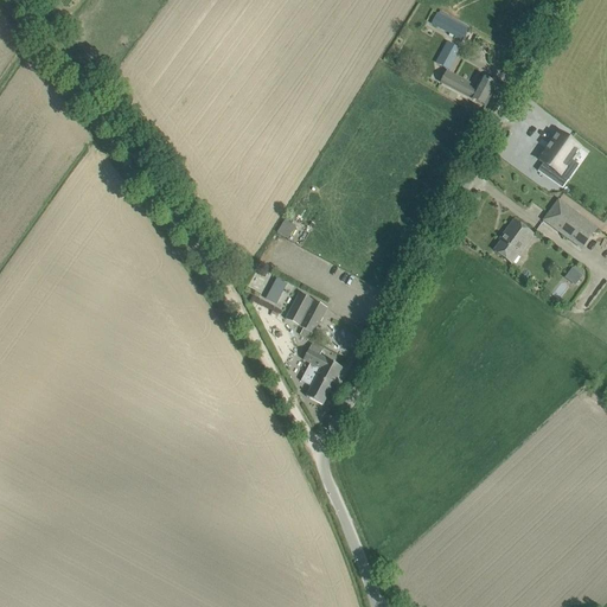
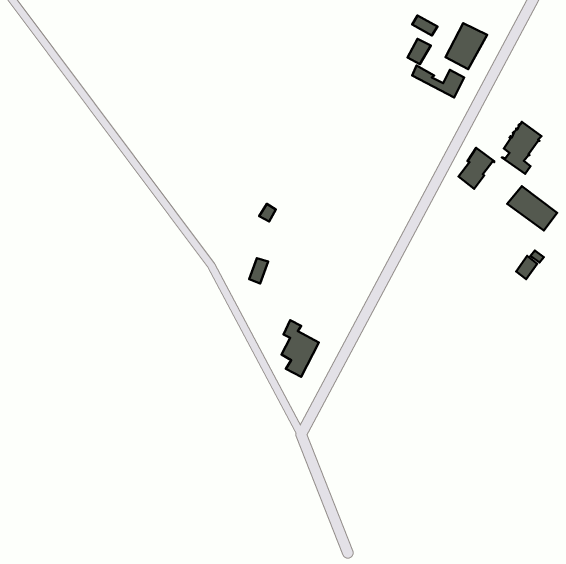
building: none -> [445,23,487,69]
building: [494,218,532,262] -> [459,148,494,189]
building: [286,292,326,338] -> none

